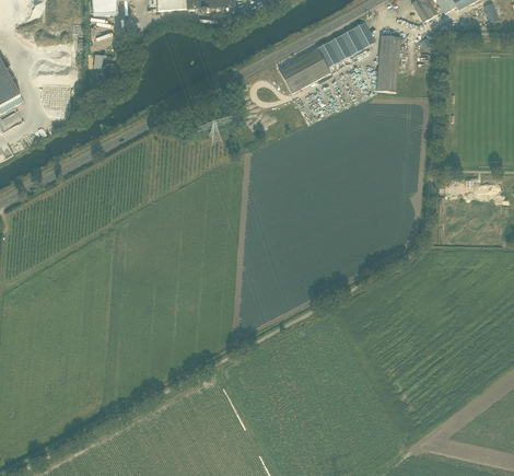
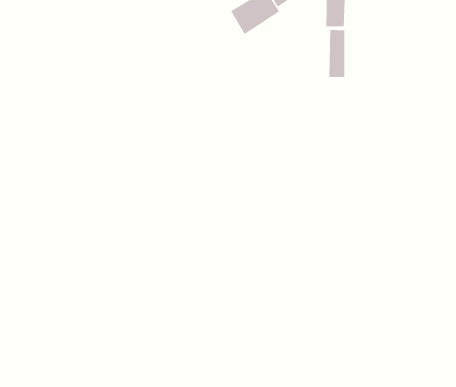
building: none -> [329,29,345,78]

